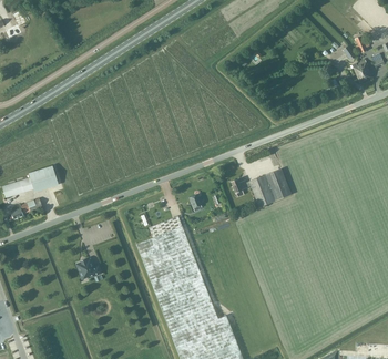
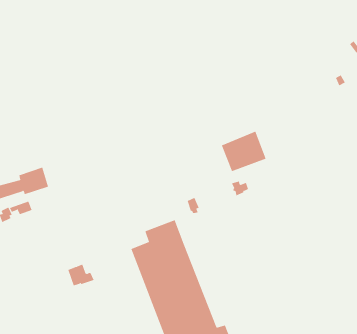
building: [249,167,293,206] -> [221,131,266,172]

